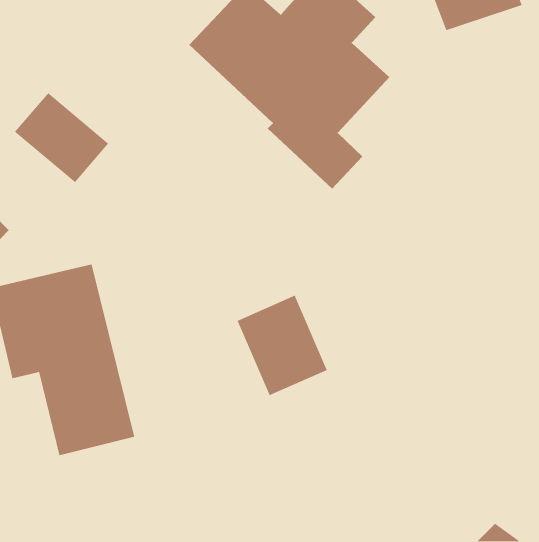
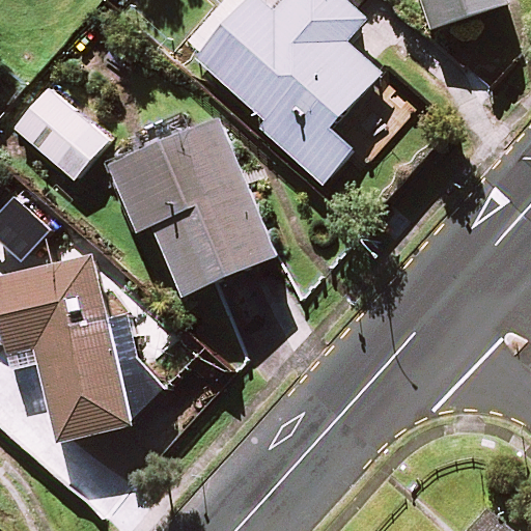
building: none -> [109,117,277,296]
building: [237,294,328,396] -> none

